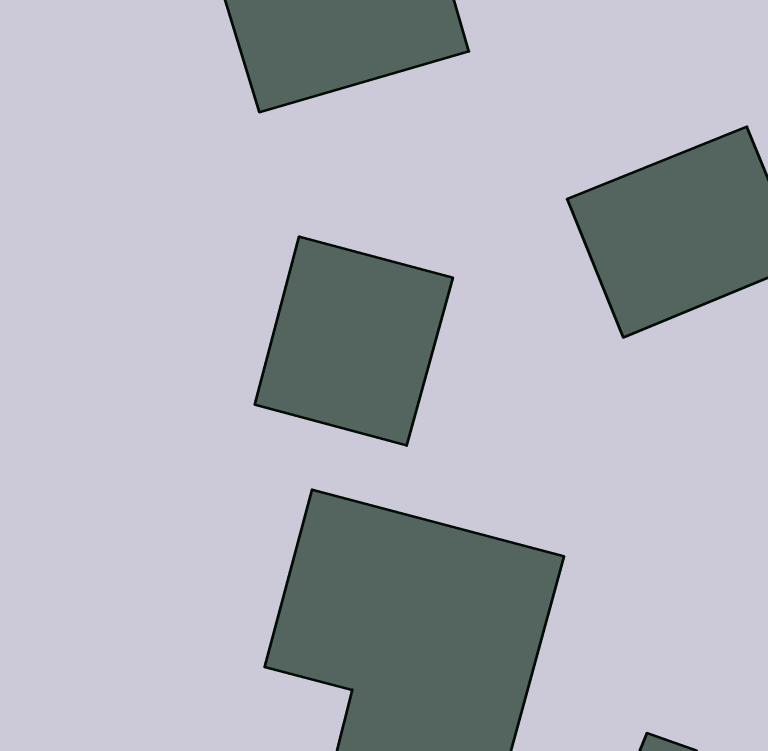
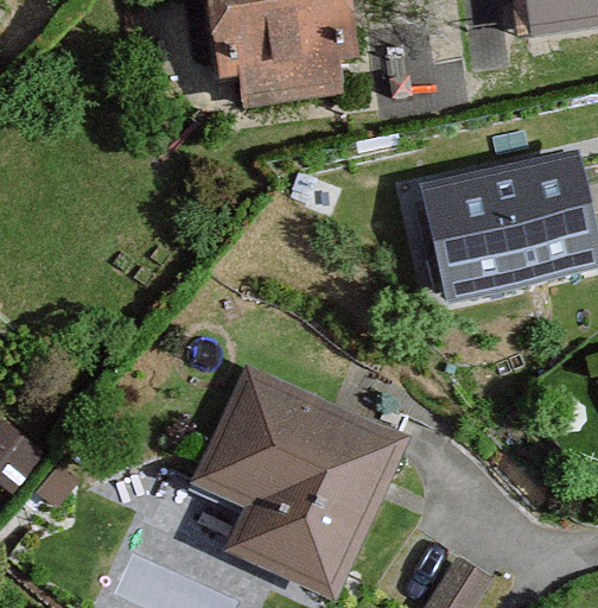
building: [255,237,453,446] -> none

